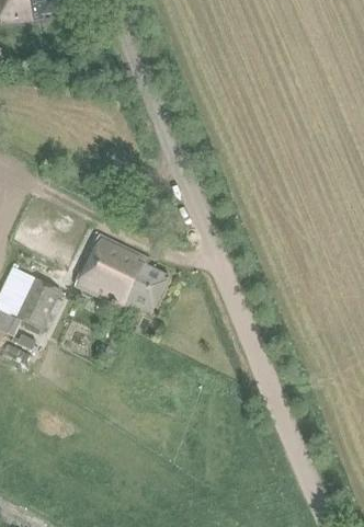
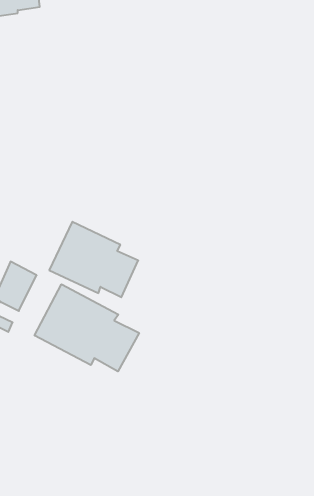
building: none -> [35,284,139,371]

